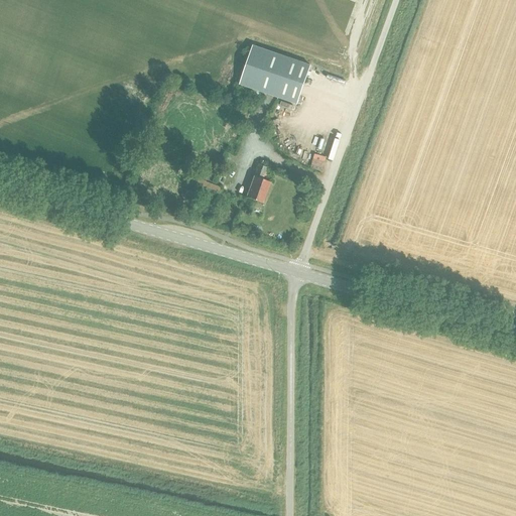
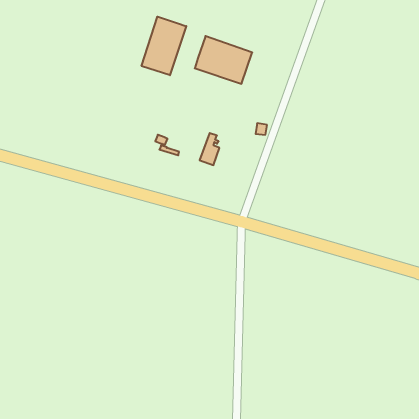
building: none -> [142,17,186,75]

